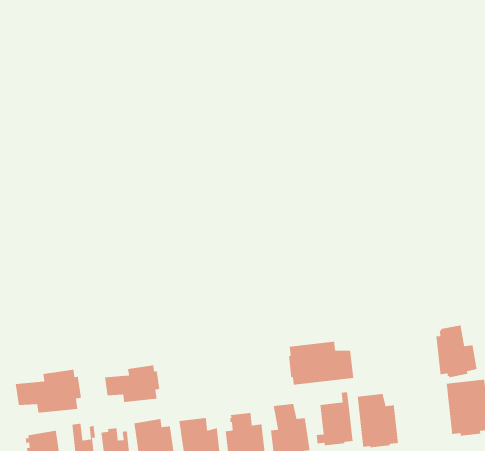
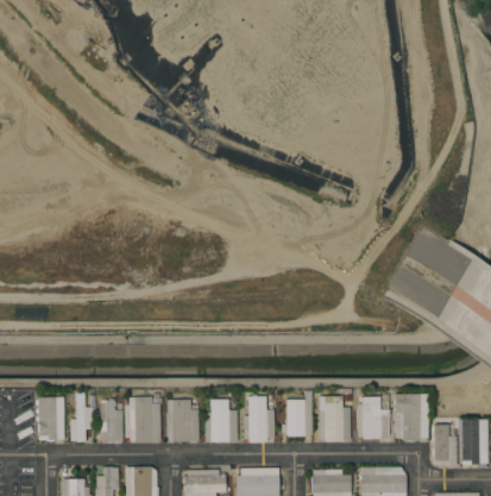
building: [435,325,477,378] -> [357,396,389,440]
building: [288,341,354,385] -> none
building: [104,365,160,403] -> none
building: [15,369,82,414] -> none

